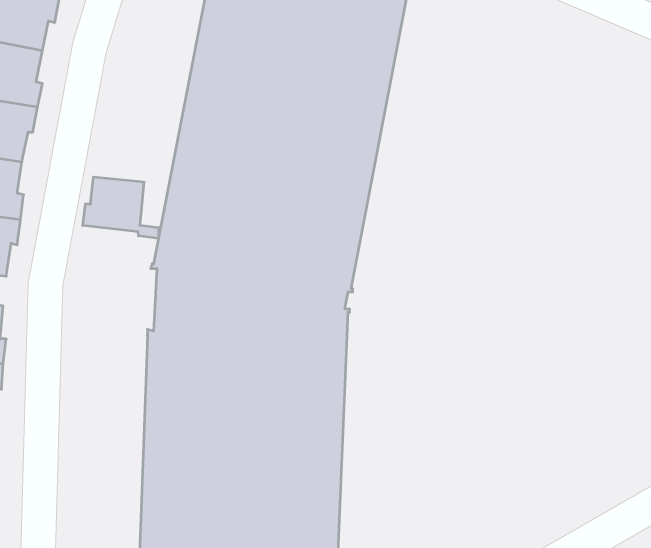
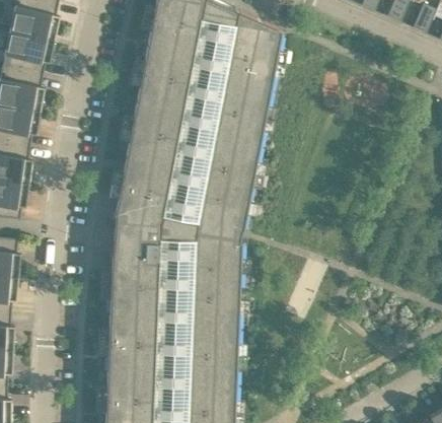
building: [83,177,159,238] -> none

